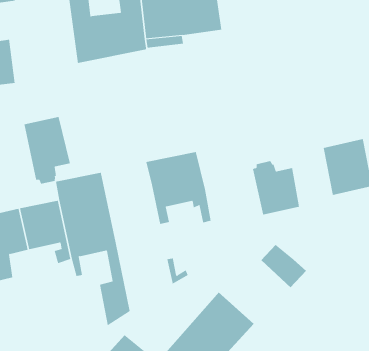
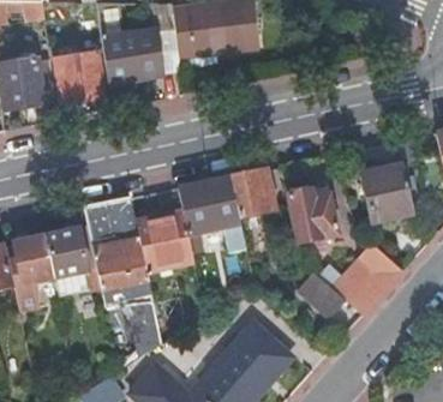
building: none -> [53,52,103,104]
building: [24,116,71,184] -> none
building: none -> [231,170,274,215]
building: none -> [137,210,194,270]
building: none -> [331,244,402,314]

